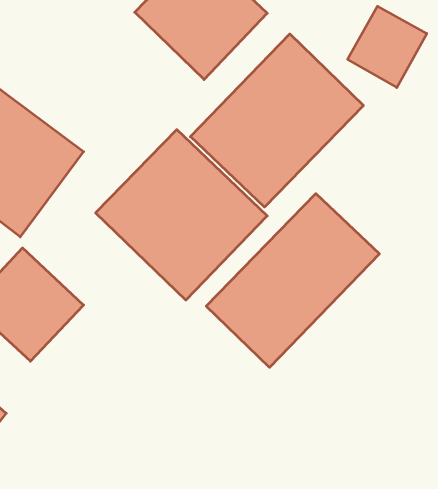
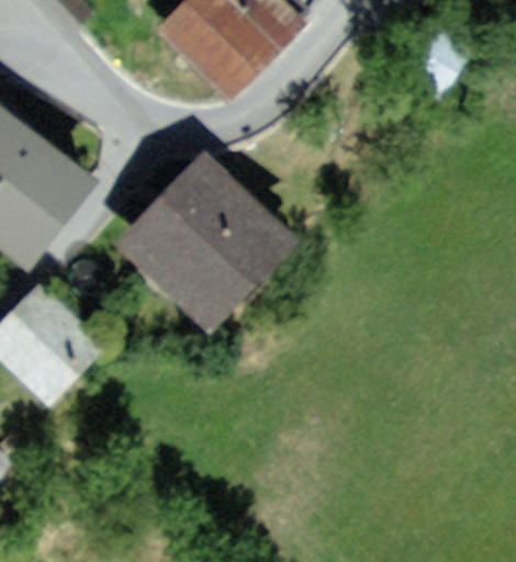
building: [190,34,363,207] -> none
building: [206,194,379,367] -> none

